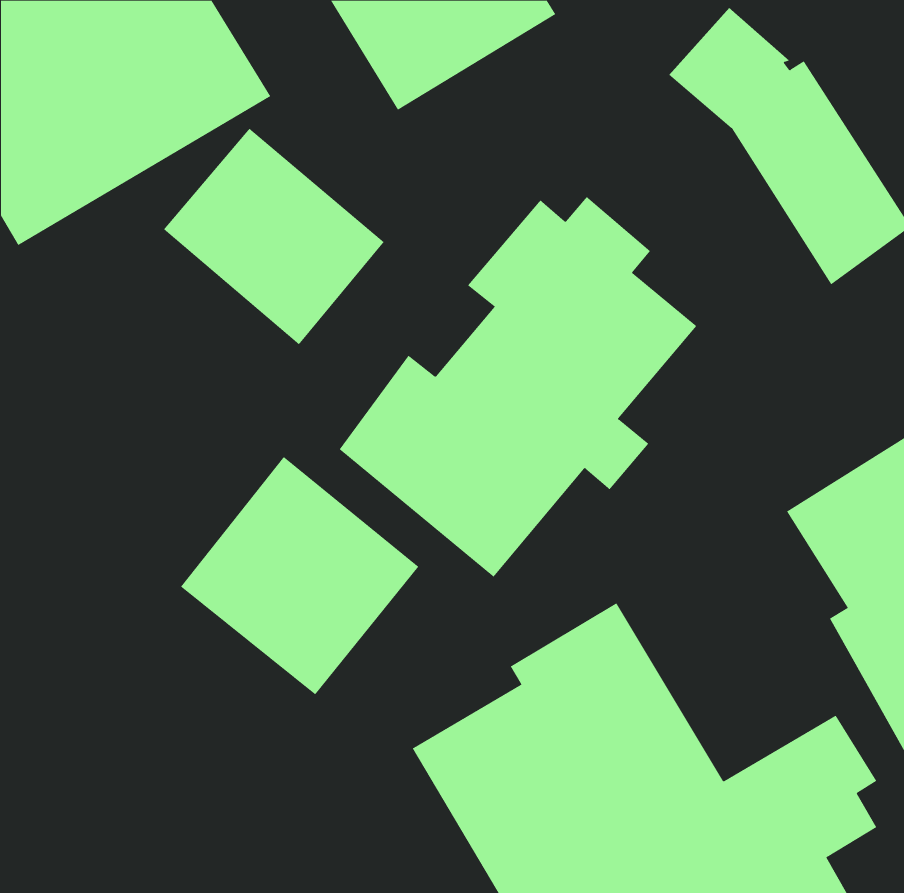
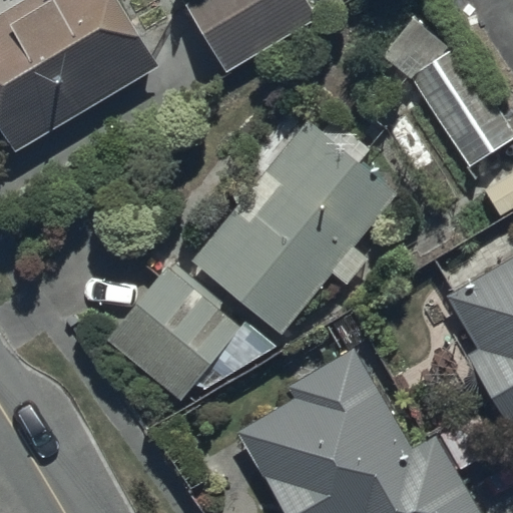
building: [163,128,384,345] -> none

